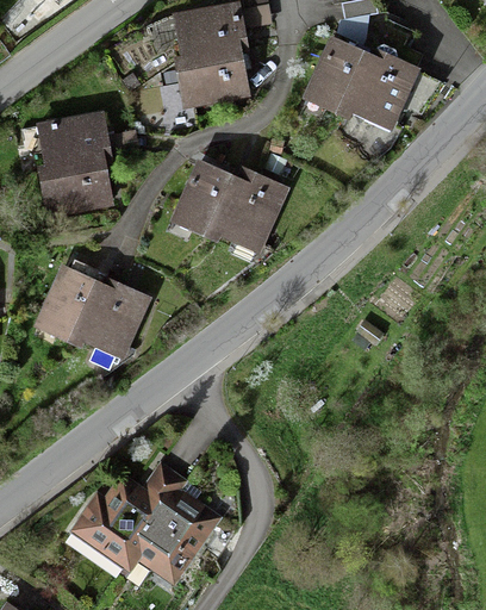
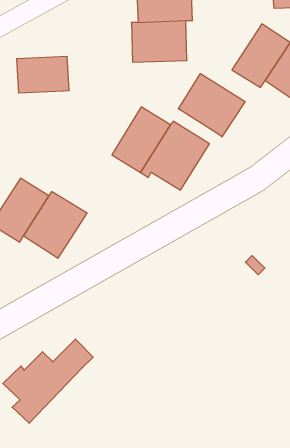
building: none -> [178,74,245,137]
building: [38,152,111,214] -> none
building: [119,491,214,580] -> none

